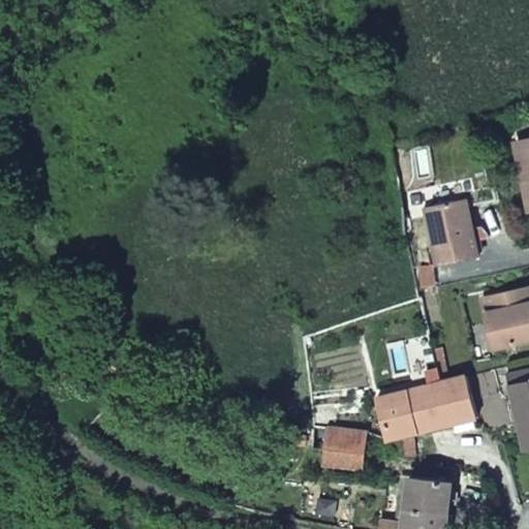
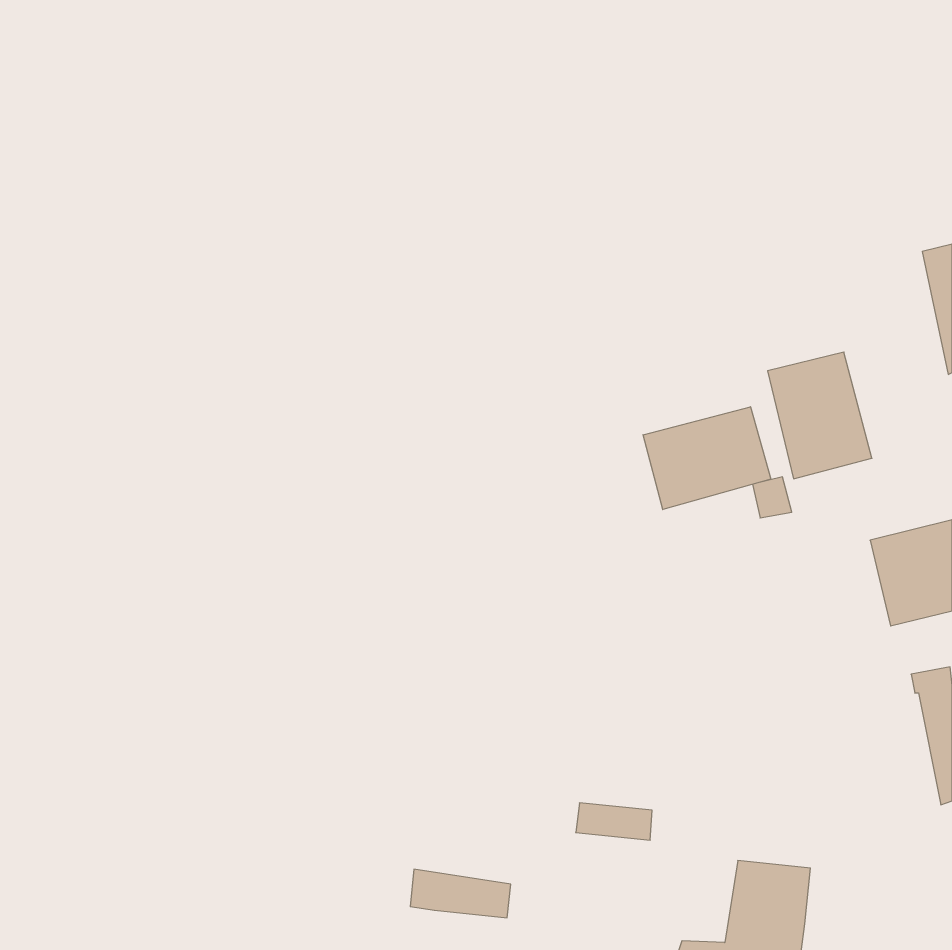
building: none -> [643,407,771,510]
building: [375,374,476,439] -> none
building: [308,424,364,450] -> [410,869,511,918]

